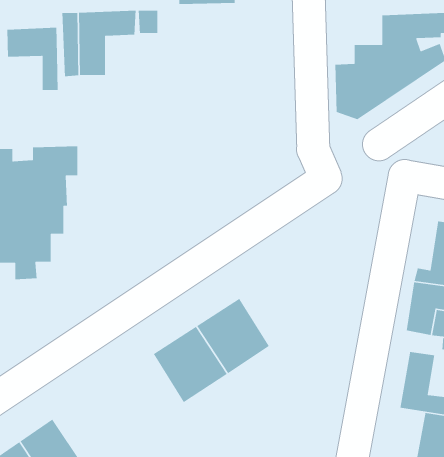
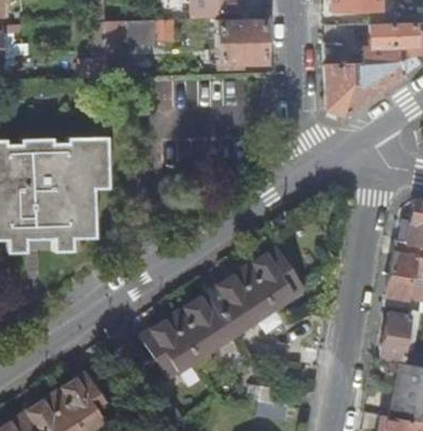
building: none -> [224,17,264,67]
building: [7,27,59,91] -> none
building: none -> [245,245,303,308]
building: none -> [140,315,197,377]

